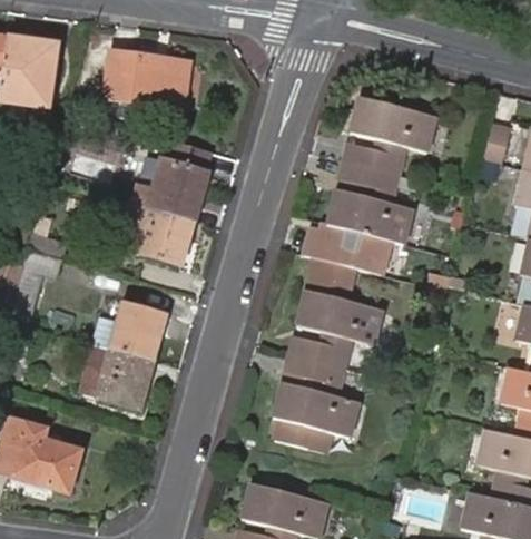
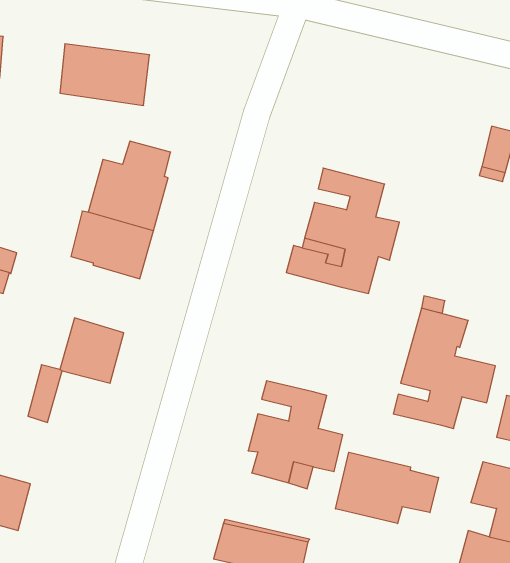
building: [344,98,436,177] -> none
building: [293,259,385,369] -> [393,308,495,429]
building: [95,346,151,406] -> none
building: none -> [336,452,439,524]

